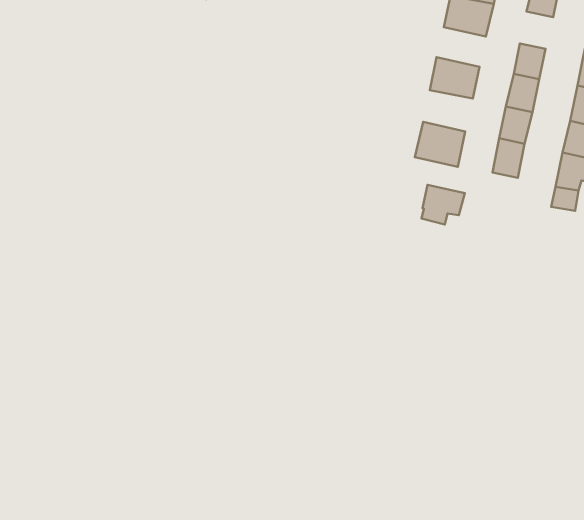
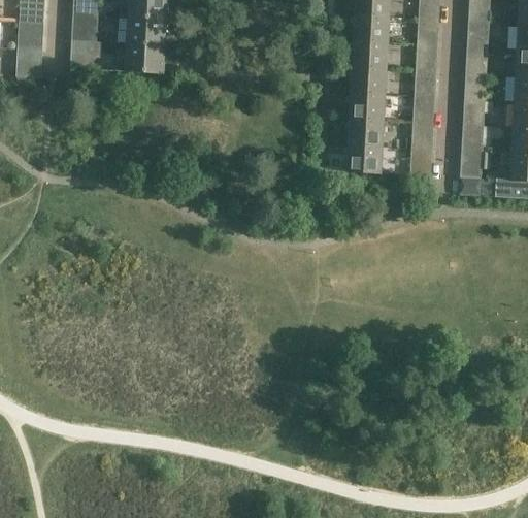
building: none -> [415,41,437,68]
building: none -> [351,64,387,91]
building: none -> [349,116,385,143]
building: [421,185,465,225] -> none

